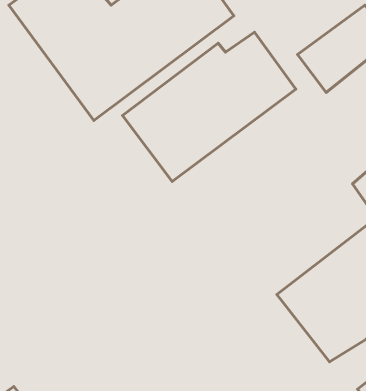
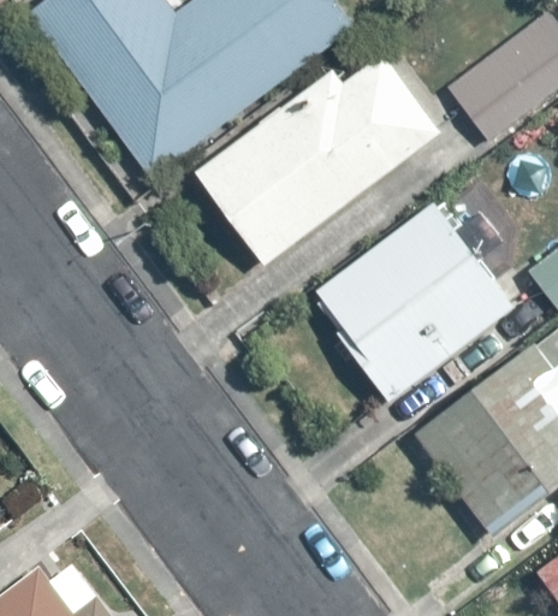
building: none -> [316,203,517,402]

